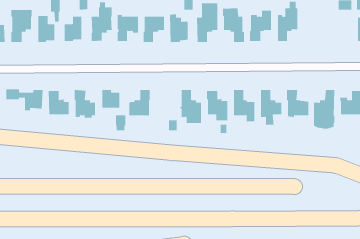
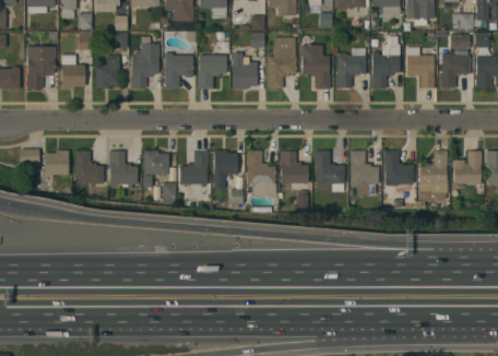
building: none -> [404,47,434,87]
building: none -> [440,52,470,88]
building: none -> [213,150,237,188]

